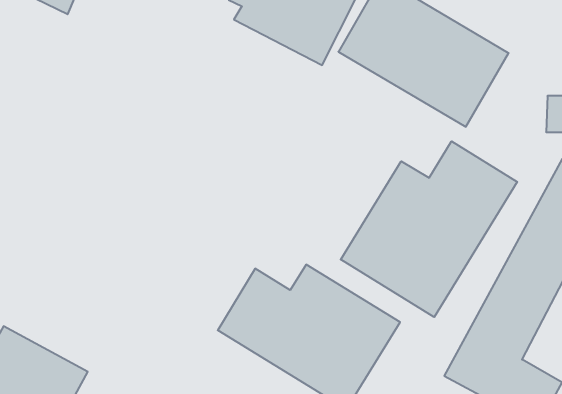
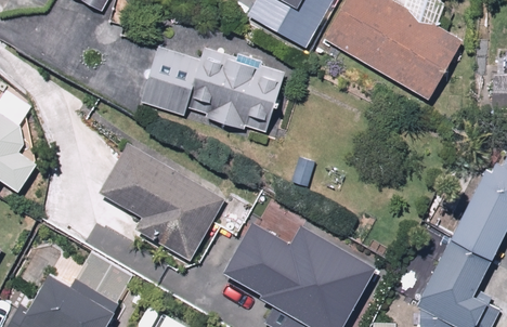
building: none -> [143,48,287,131]
building: [341,141,517,317] -> none
building: none -> [98,145,225,262]

